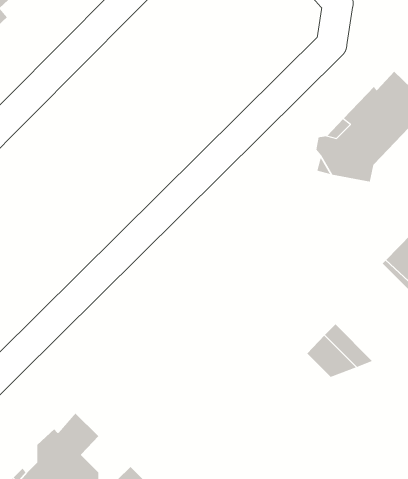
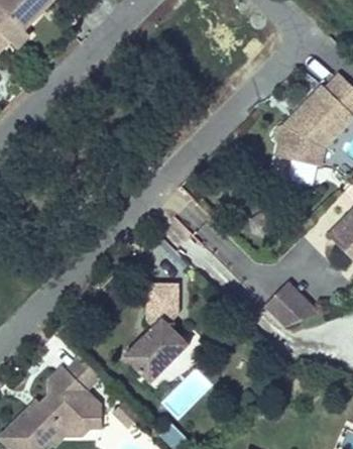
building: none -> [123,285,189,384]

